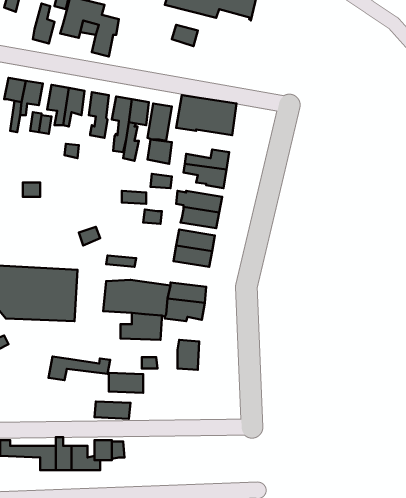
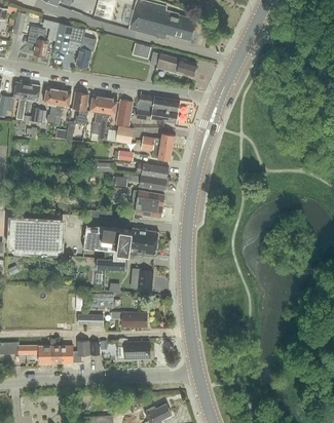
building: none -> [149,51,195,75]
building: [49,356,110,380] -> none
building: none -> [111,312,146,326]
building: none -> [117,341,149,357]

